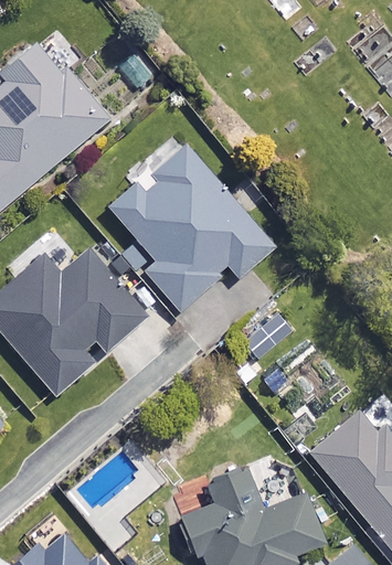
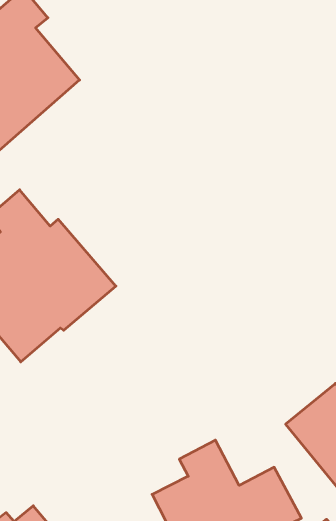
building: [107,148,274,312] -> none

